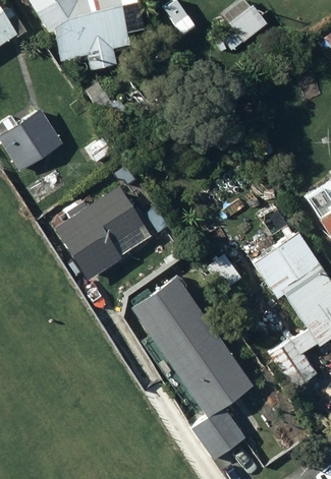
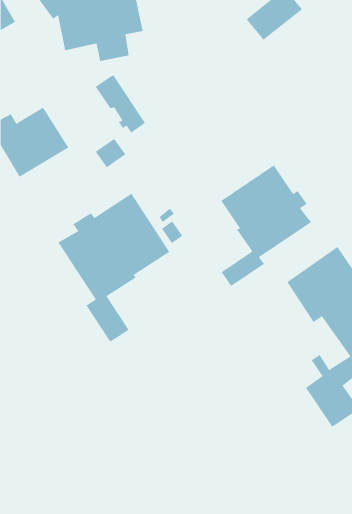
building: none -> [220,164,312,287]
building: [130,277,254,460] -> none

